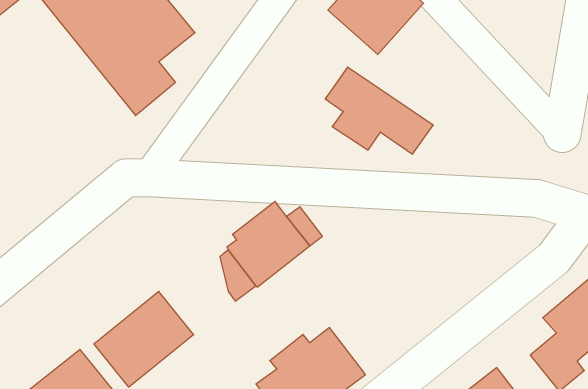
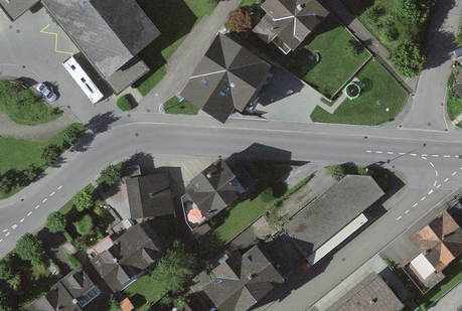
building: none -> [184,45,257,120]
building: none -> [259,174,383,279]
building: none -> [107,175,173,221]

